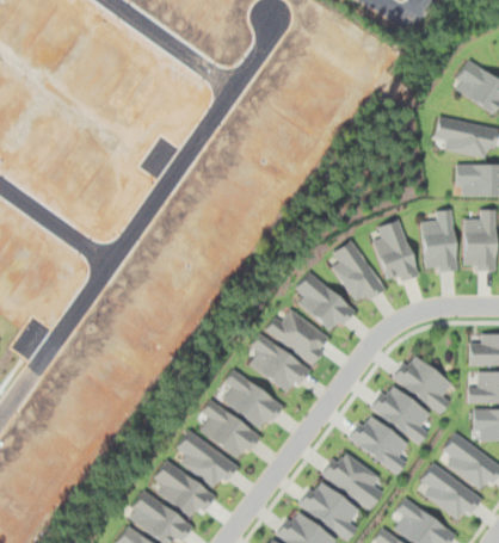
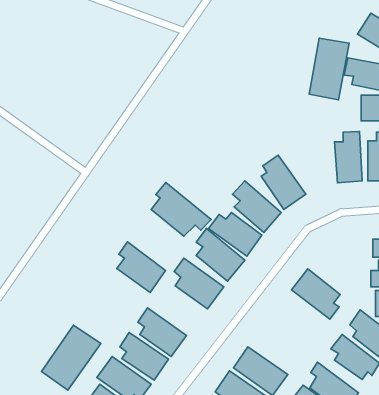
building: none -> [309,38,349,100]
building: [375,218,419,285] -> none
building: none -> [151,183,211,236]
building: [392,352,452,413] -> none
building: [199,399,260,462] -> [117,242,166,292]
building: [346,415,407,475] -> none
building: [319,449,386,508] -> none
building: none -> [42,325,101,390]

